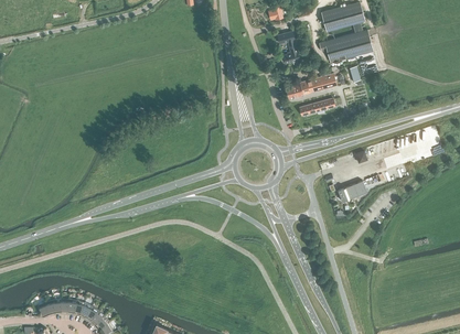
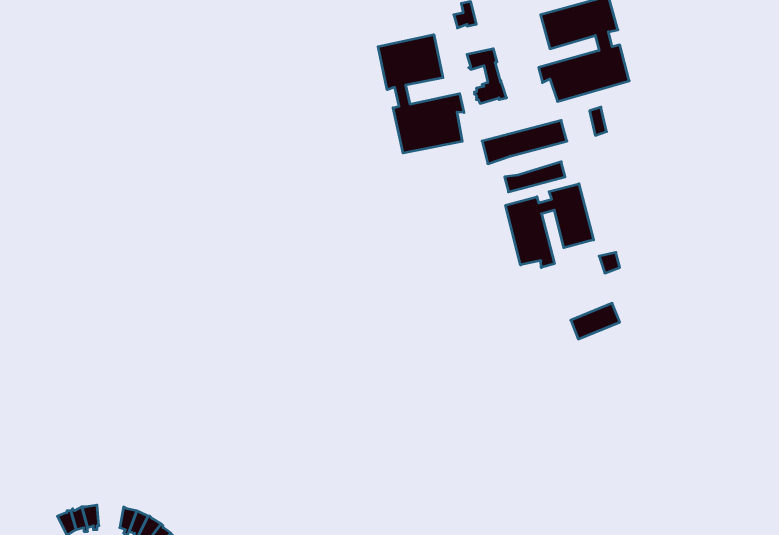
building: none -> [378,35,464,153]
building: none -> [506,184,594,268]

